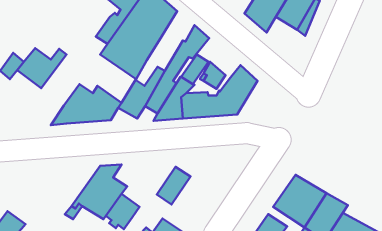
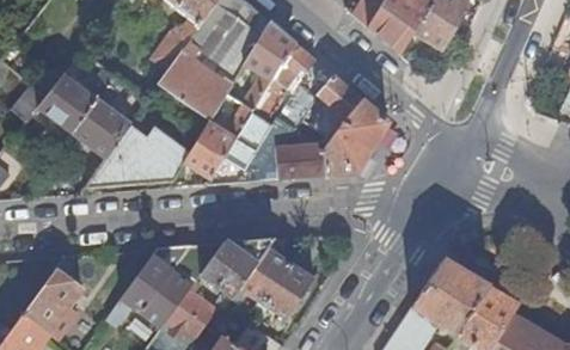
building: none -> [241,22,295,109]
building: none -> [318,75,362,139]
building: none -> [72,85,130,159]
building: none -> [200,239,274,308]
building: none -> [262,263,314,320]
building: none -> [23,269,81,332]

